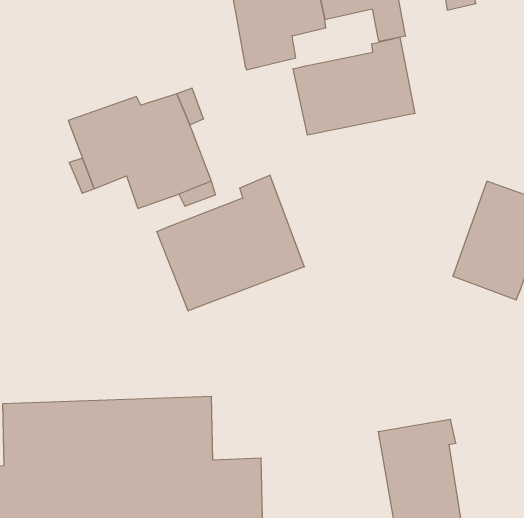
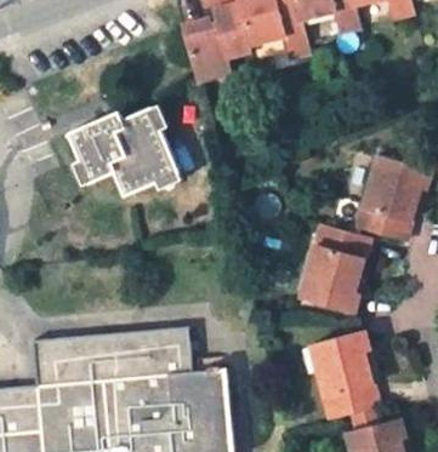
building: [293,37,415,135] -> none
building: [157,175,304,311] -> none
building: none -> [298,224,366,314]

